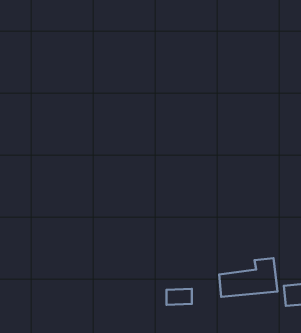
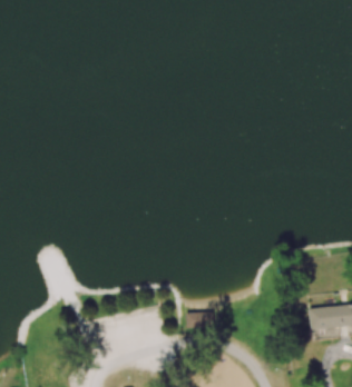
building: [219,258,277,297] -> none

